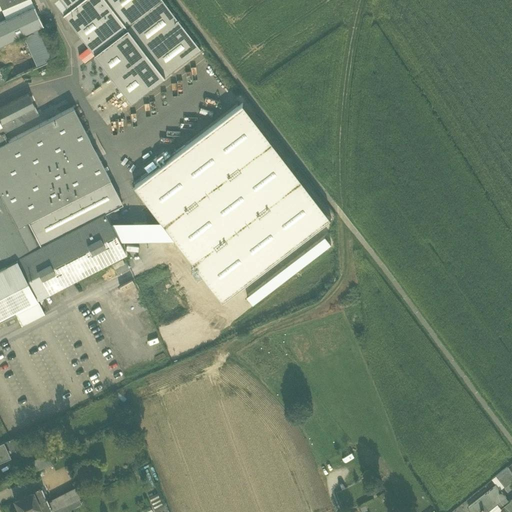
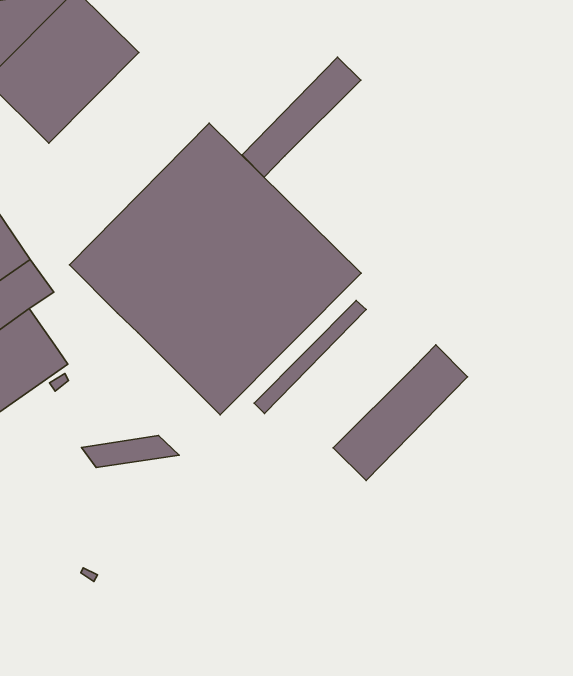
building: none -> [242,57,361,177]
building: [109,225,174,241] -> [82,436,179,468]
building: none -> [333,345,467,480]

